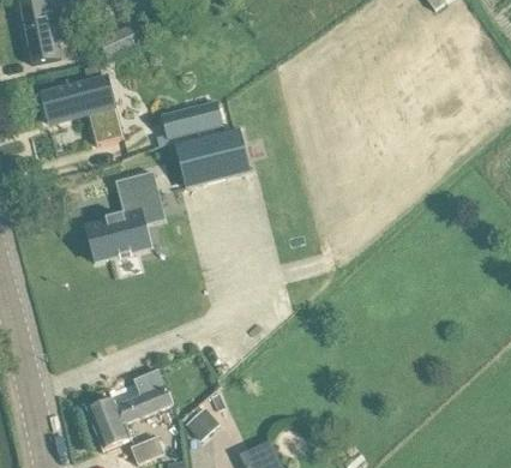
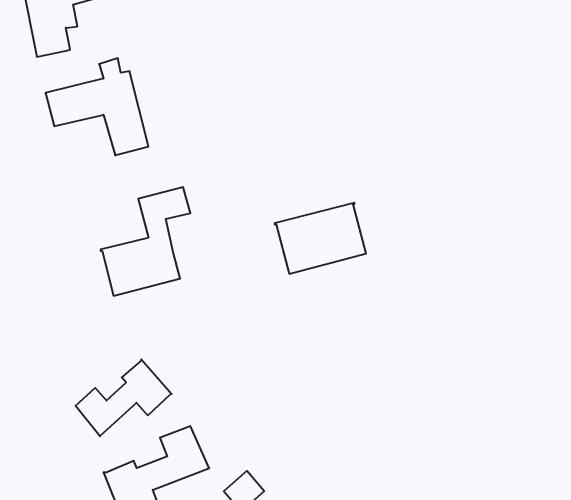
building: [161,102,222,139] -> none
building: [174,128,250,187] -> [275,203,366,274]
building: none -> [76,359,172,436]

